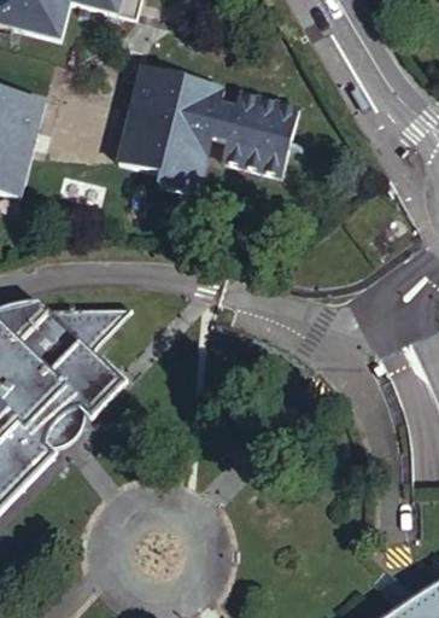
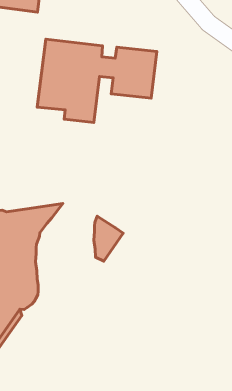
building: [81,352,125,419] -> [94,216,123,261]

